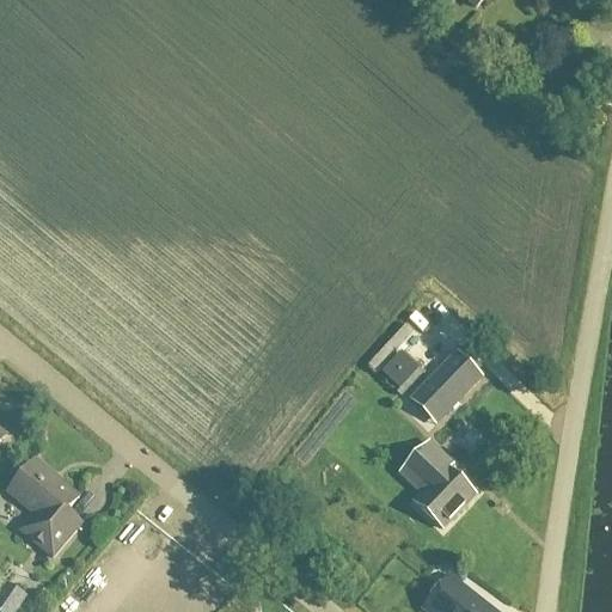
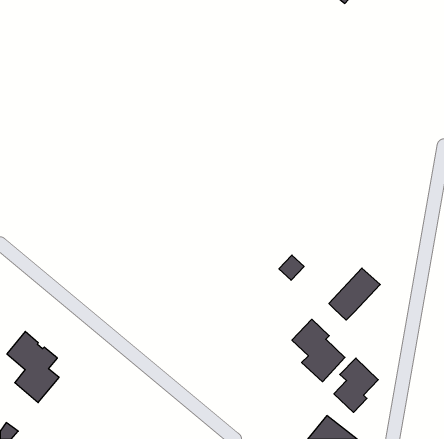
building: [411,349,482,421] -> [329,268,380,320]
building: none -> [334,358,378,412]

